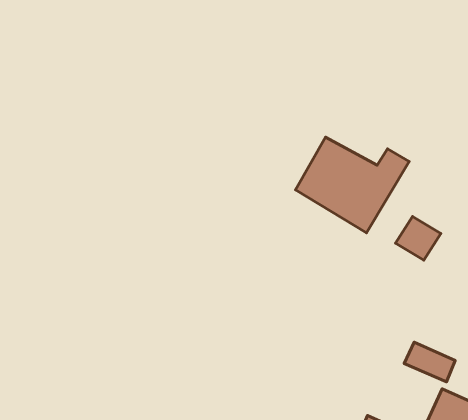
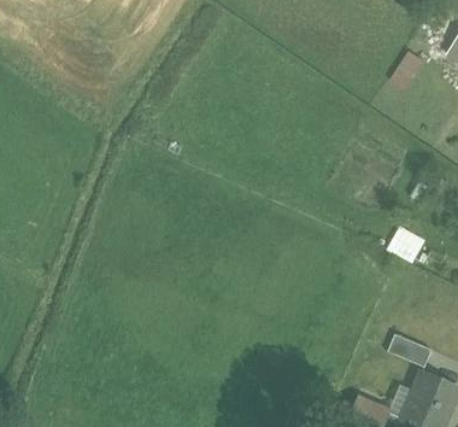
building: [296,137,409,233] -> none

